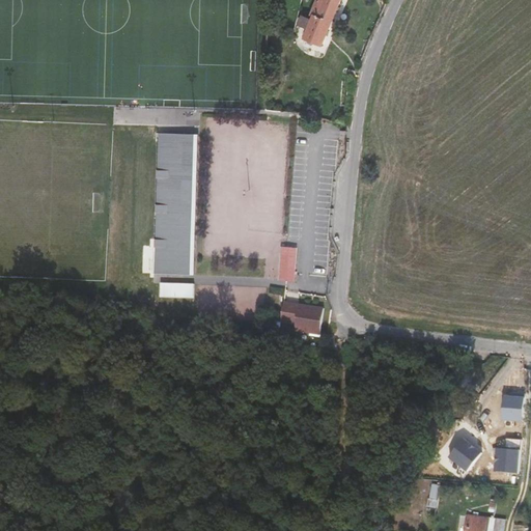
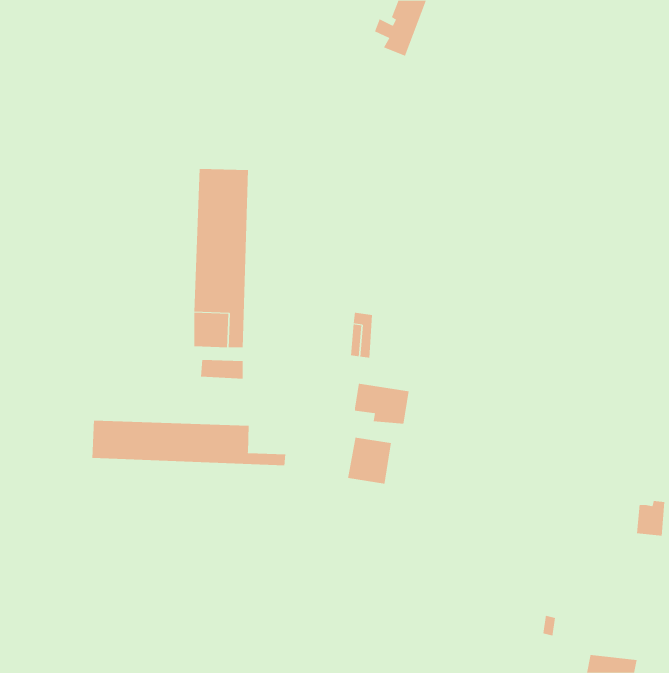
building: none -> [92,420,286,466]
building: none -> [347,437,391,484]
building: [447,439,479,471] -> none
building: [493,440,518,472] -> none

